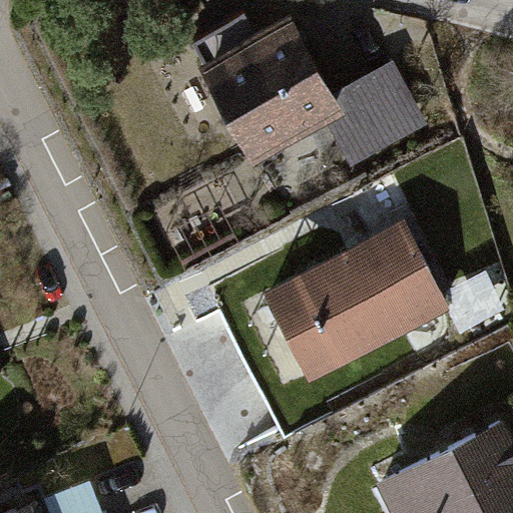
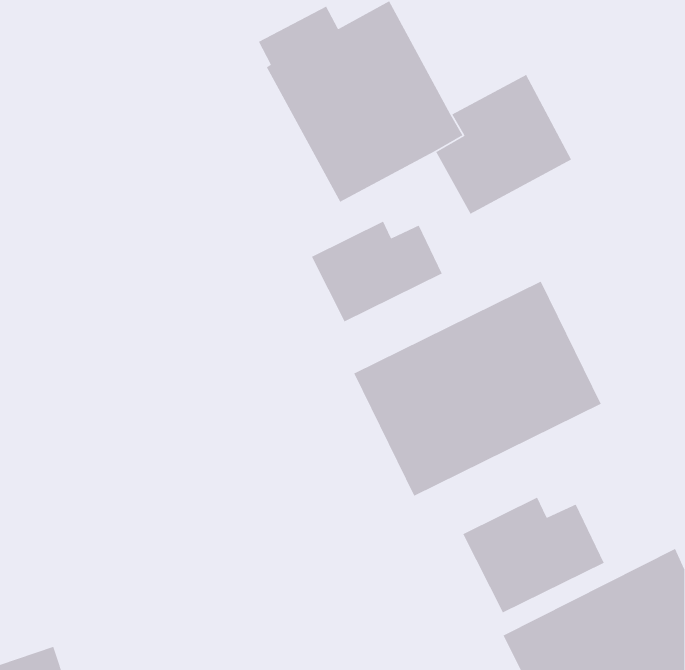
building: none -> [311,221,443,323]
building: none -> [462,496,605,614]

